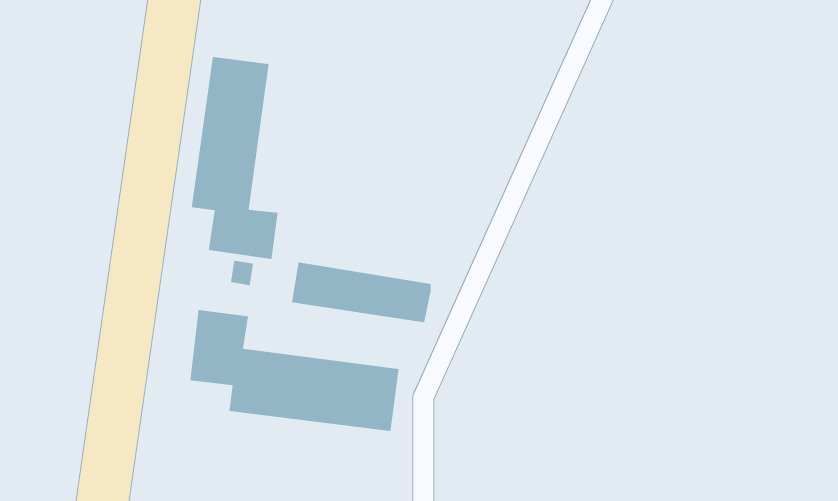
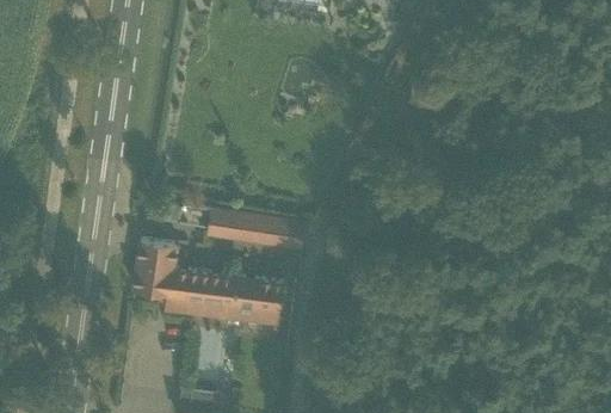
building: [191,56,278,260] -> none

